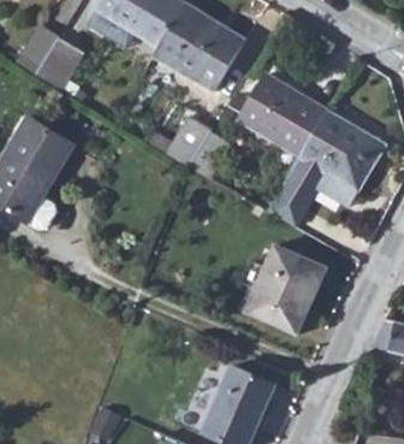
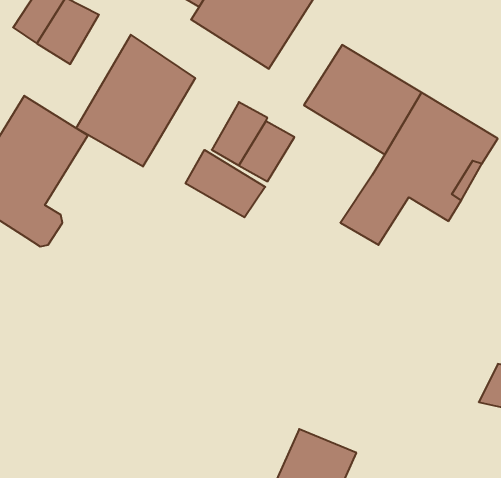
building: none -> [76,35,195,167]
building: none -> [186,150,265,217]
building: [245,242,325,335] -> none

